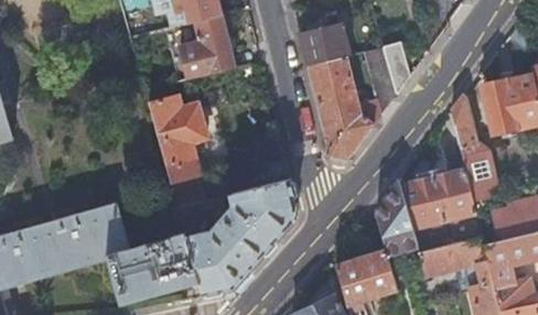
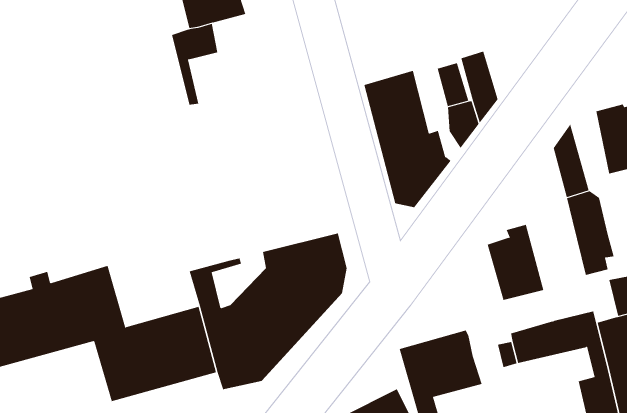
building: [177,13,233,80] -> none
building: [301,23,348,66] -> none
building: [144,84,206,206] -> none
building: [431,167,476,220] -> none
building: [376,182,418,254] -> none

